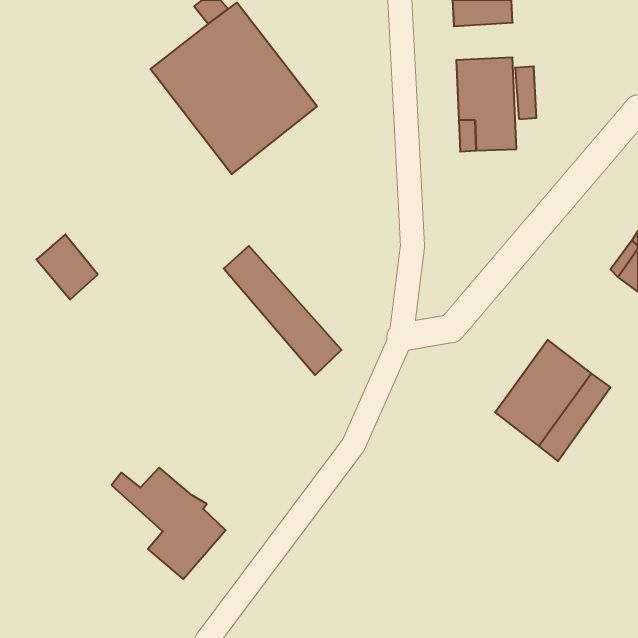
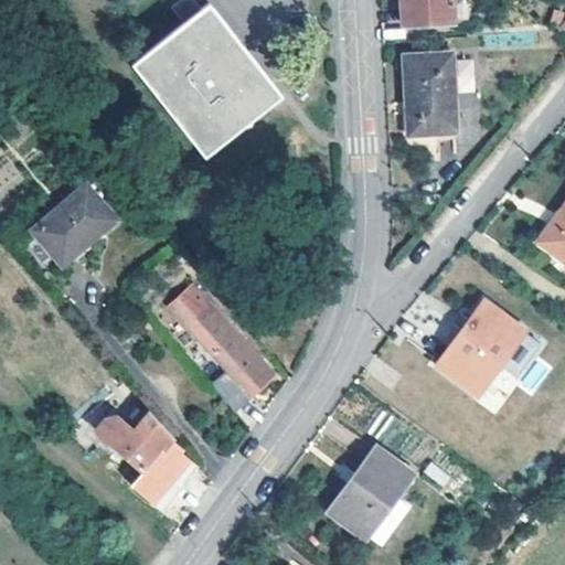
building: none -> [57,183,115,244]
building: [224,246,342,375] -> [170,285,274,398]
building: none -> [328,448,409,540]

